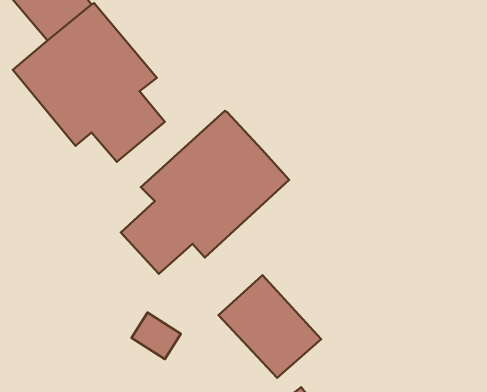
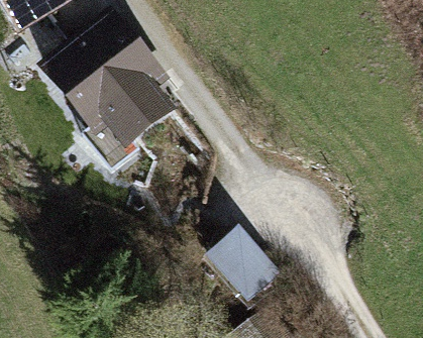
building: [121,111,289,274] -> none

